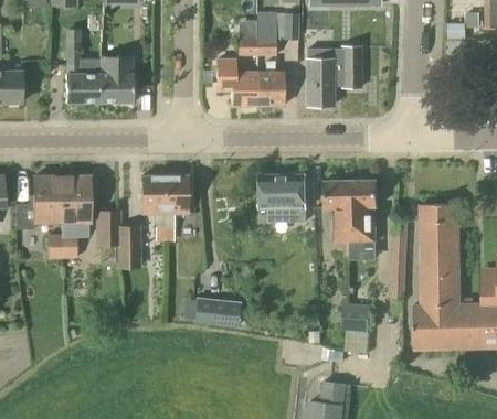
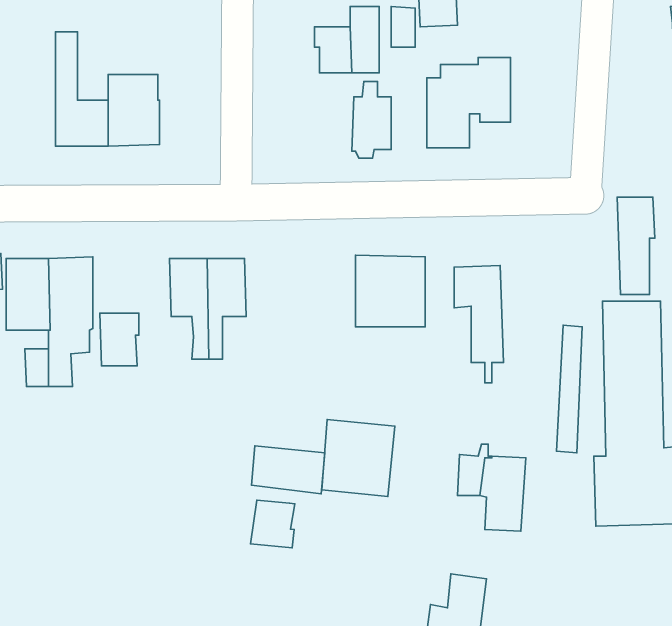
building: [215,58,260,106] -> none
building: [355,180,379,243] -> [617,197,655,294]
building: [116,225,140,268] -> none
building: none -> [322,420,395,496]
building: none -> [251,500,295,548]

